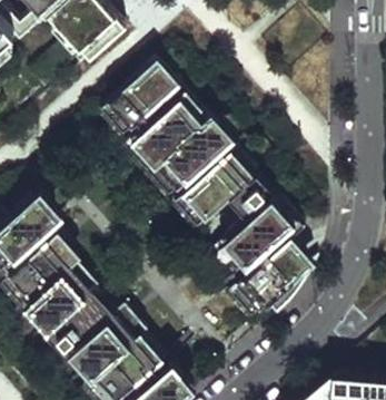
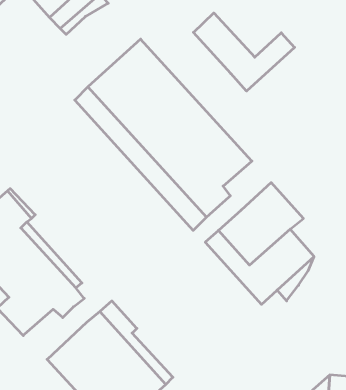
building: none -> [193,13,295,91]
building: [232,176,277,222] -> none
building: [48,312,106,361] -> none

